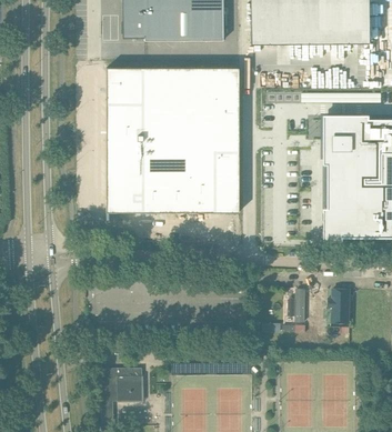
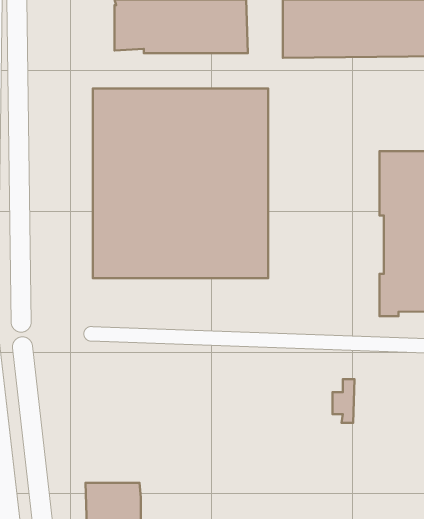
building: [331,288,349,323] -> none

